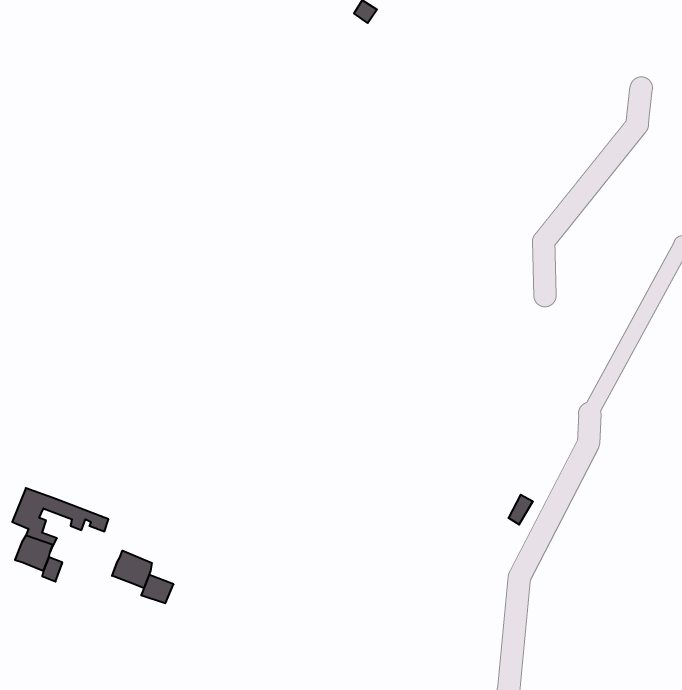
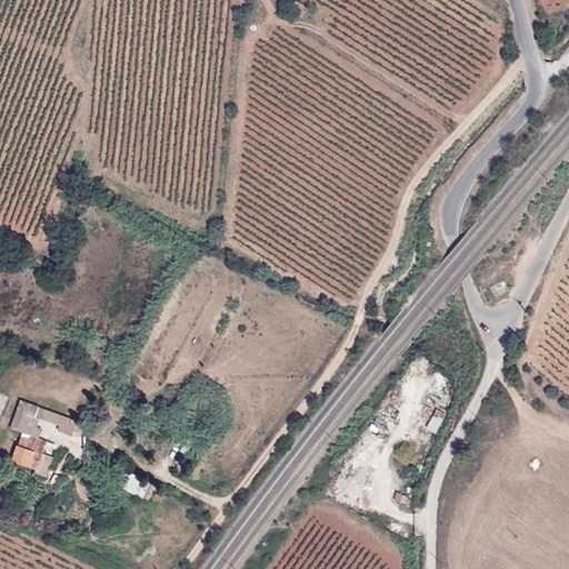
building: [112,551,152,588] -> none

